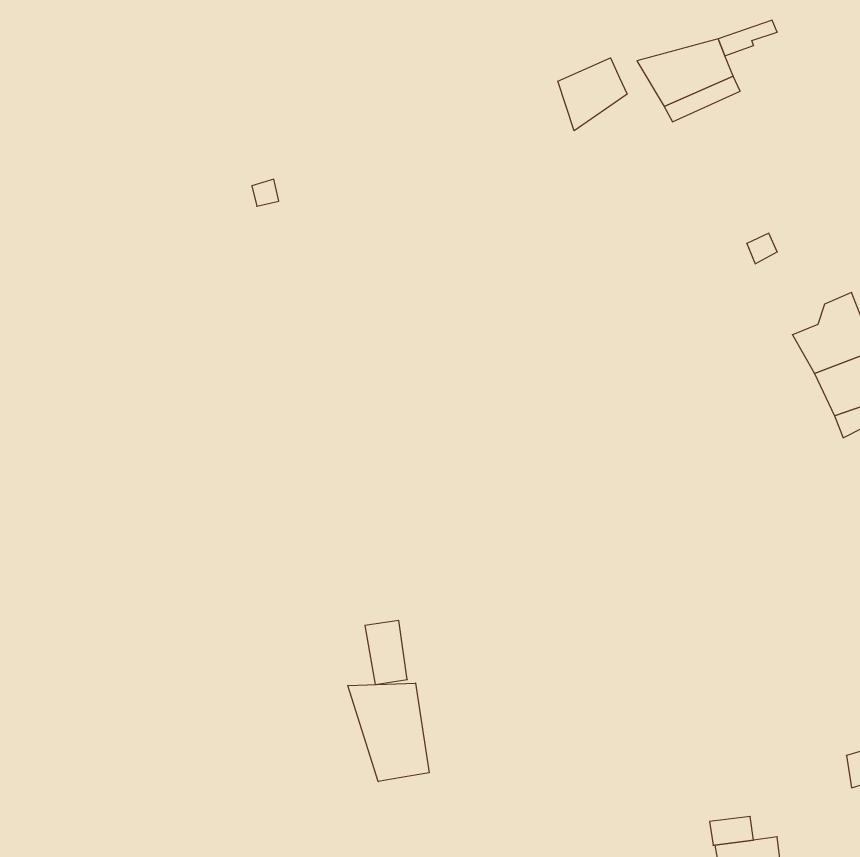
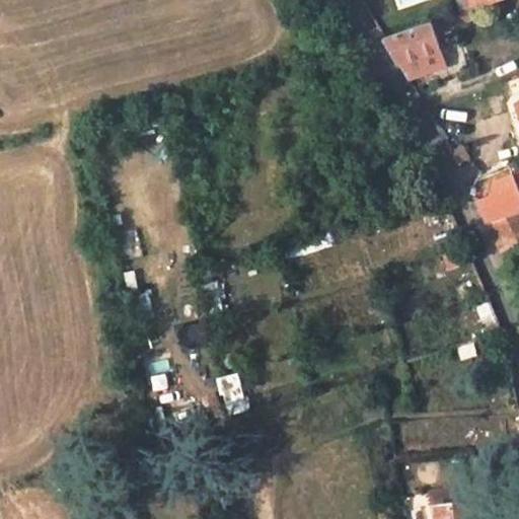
building: [558,58,627,131] -> none
building: [348,683,429,782] -> none

